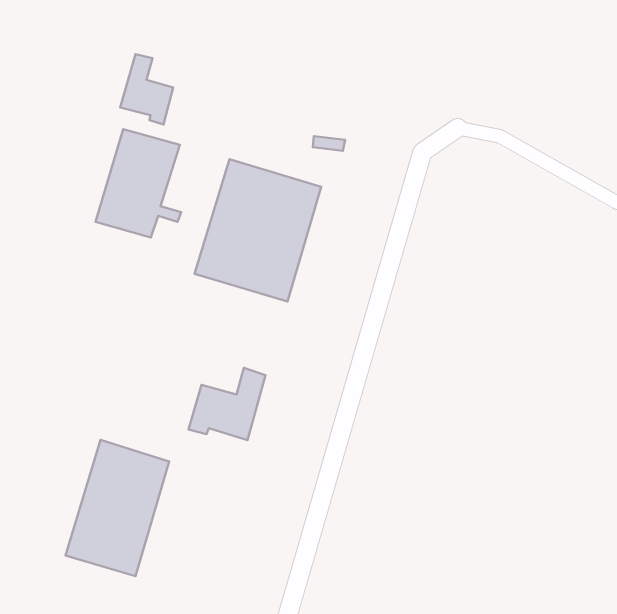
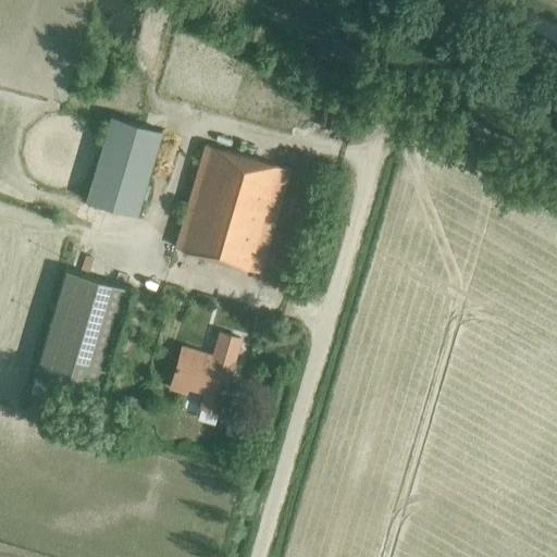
building: [120,54,173,124] -> none
building: [65,440,169,576] -> [35,271,128,394]

